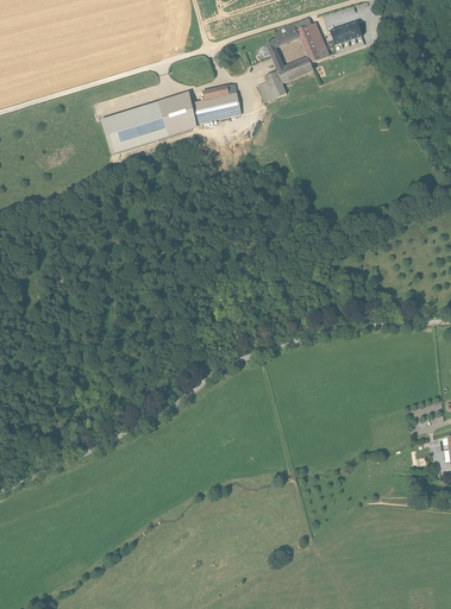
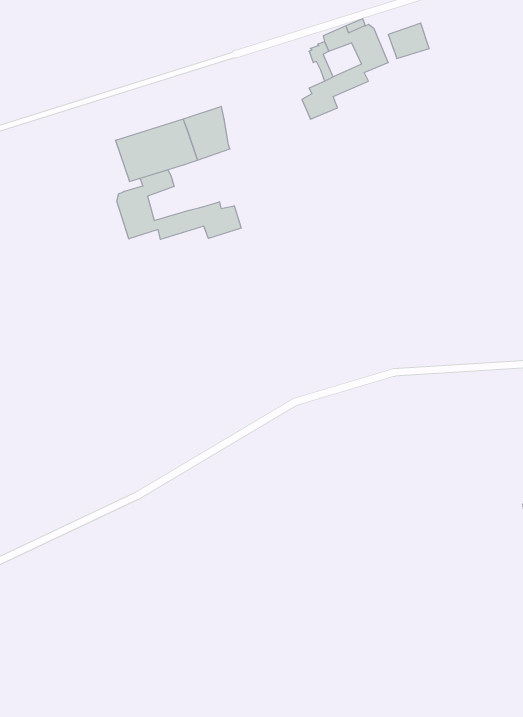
building: [192,82,240,123] -> none
building: none -> [117,170,241,239]

